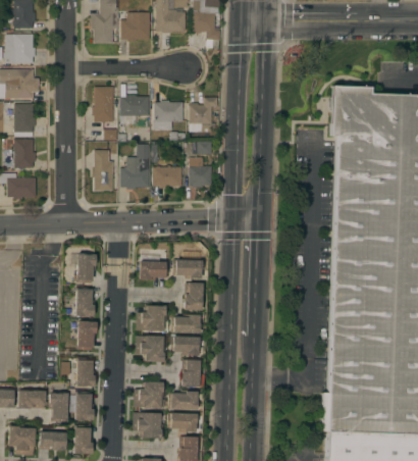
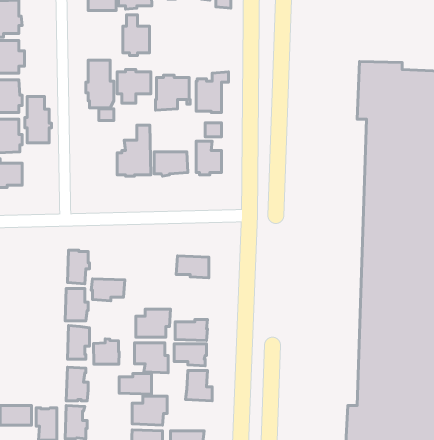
building: none -> [123,15,150,56]
building: [93,150,116,191] -> [25,97,52,143]
building: [139,261,168,280] -> [91,279,125,301]
building: [184,283,203,311] -> none
building: none -> [94,339,119,364]
building: [168,391,197,409] -> [119,373,151,394]

